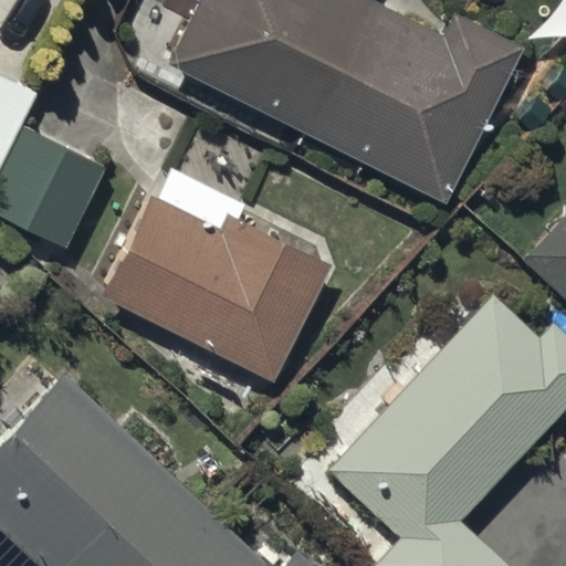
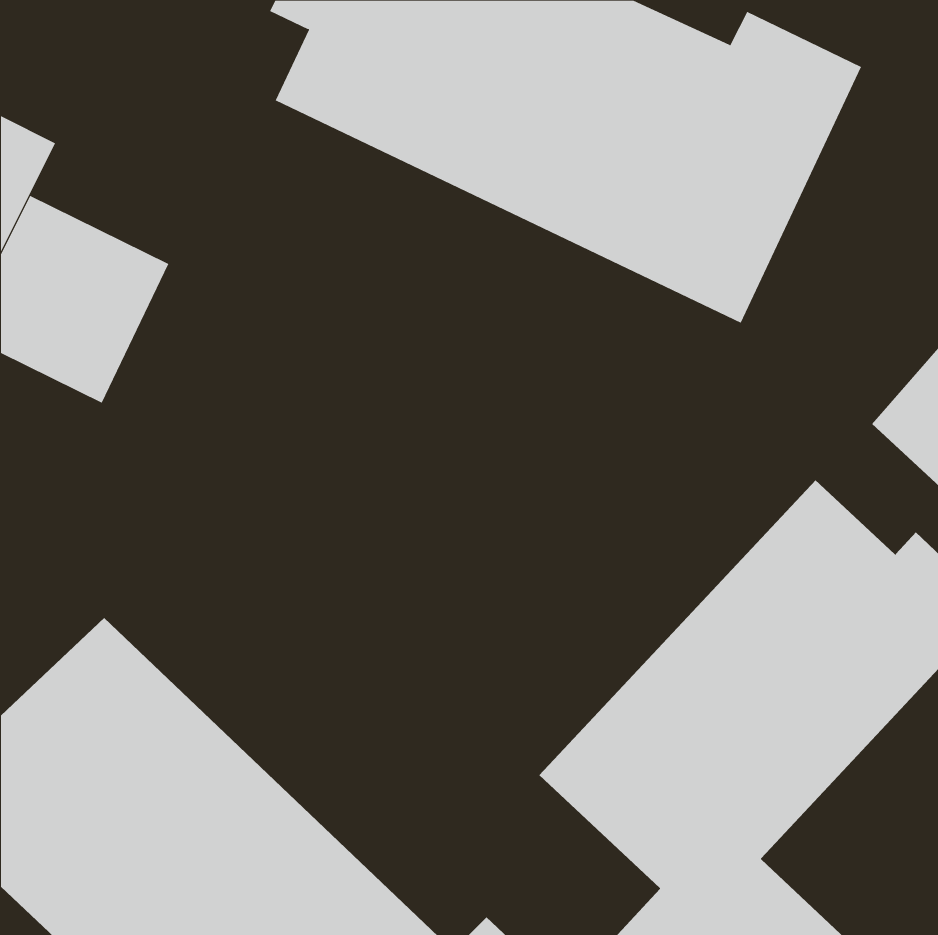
building: [104,200,331,381] -> none

